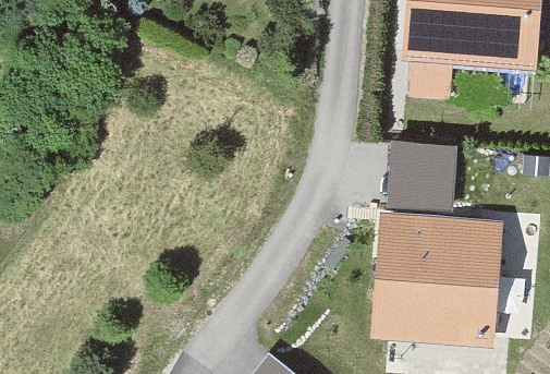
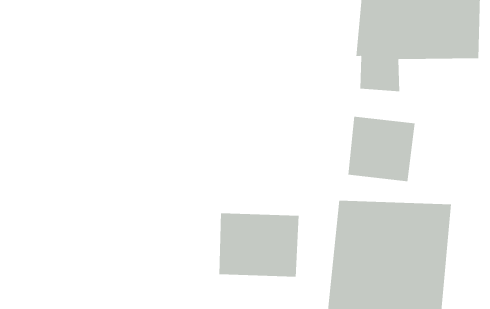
building: none -> [219,212,299,278]

